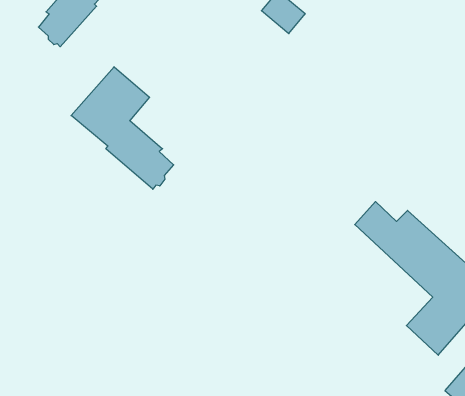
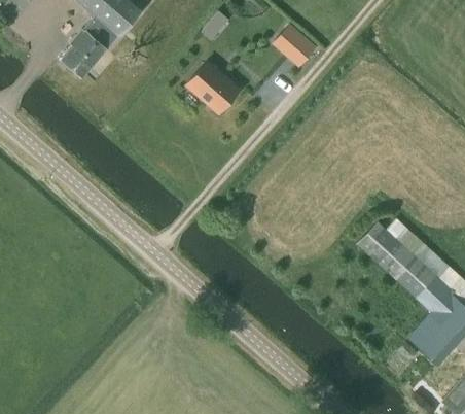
building: none -> [185,62,239,113]
building: [71,67,174,189] -> none

